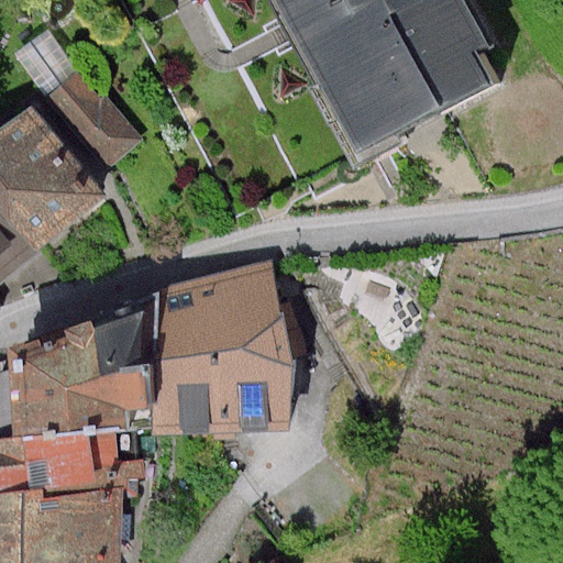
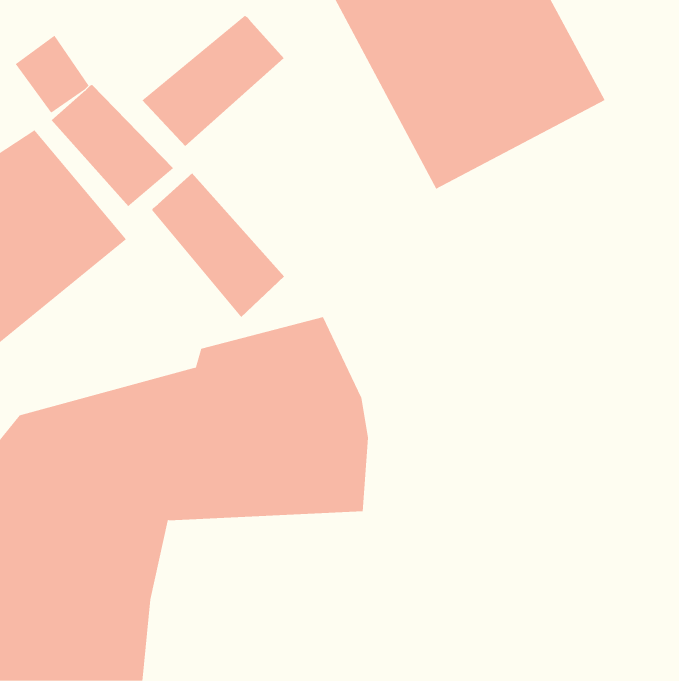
building: none -> [141,15,284,147]
building: none -> [151,173,285,318]

